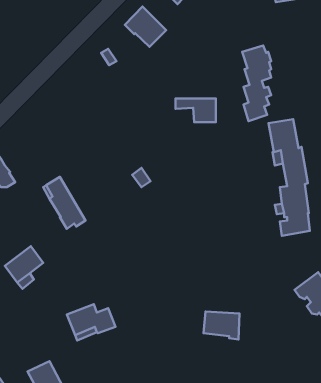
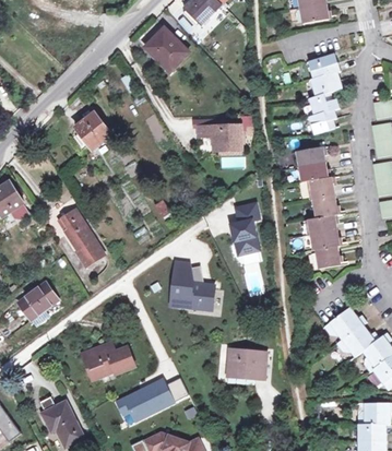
building: [242,46,271,121] -> [308,55,338,134]
building: none -> [73,111,111,150]
building: none -> [229,203,258,254]
building: none -> [168,262,213,309]
building: none -> [117,380,186,420]

